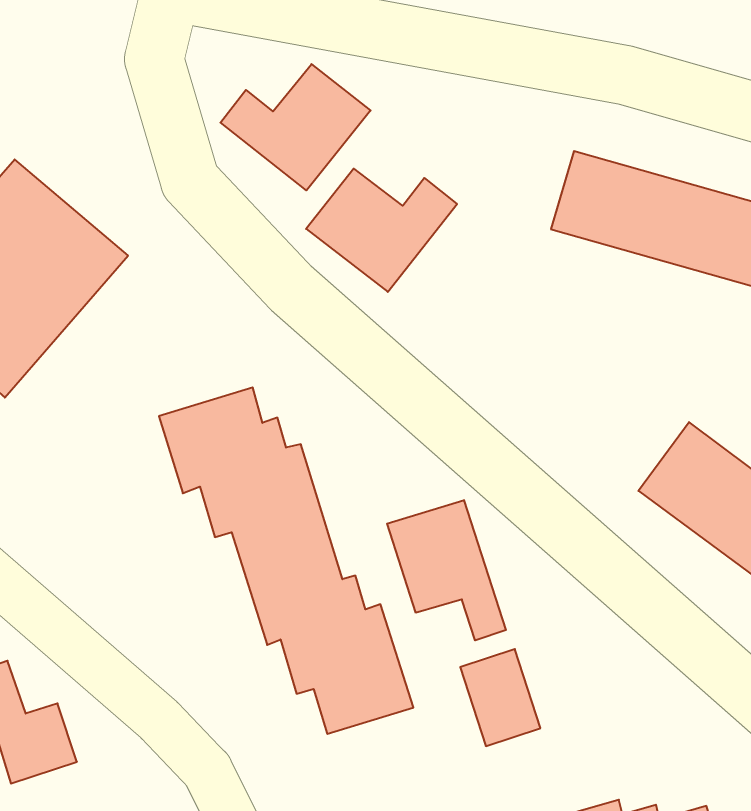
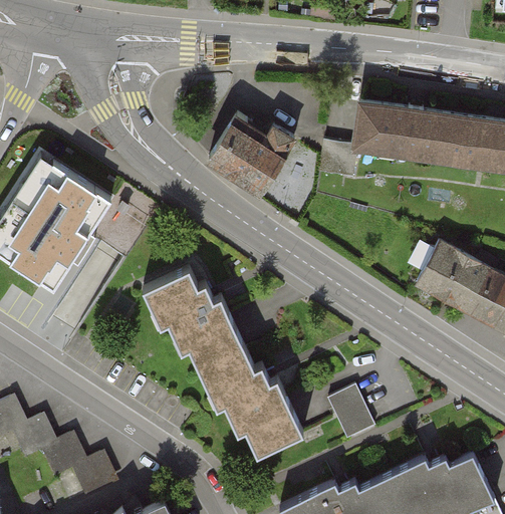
building: [220,64,371,190] -> none
building: [387,500,506,640] -> none

